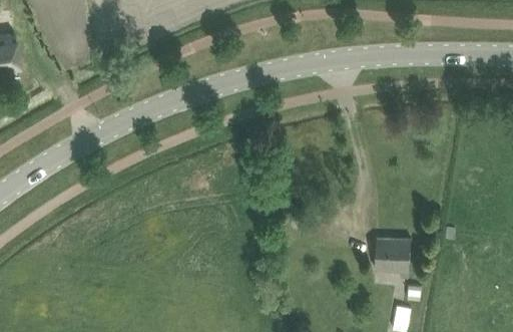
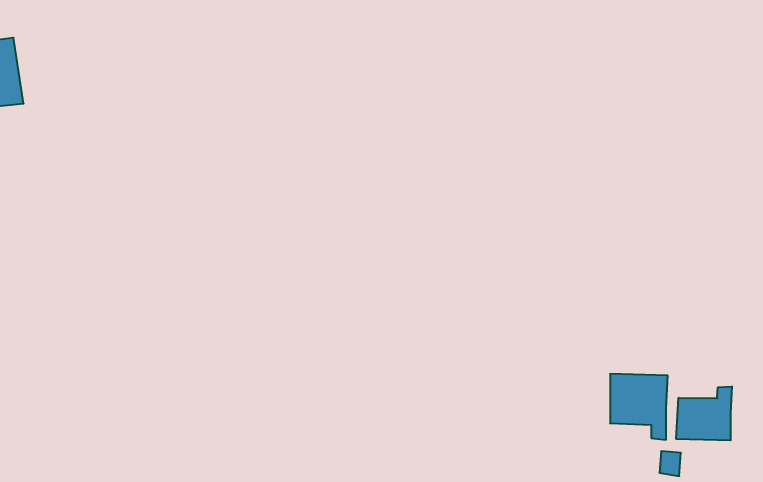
building: none -> [676,386,732,440]

